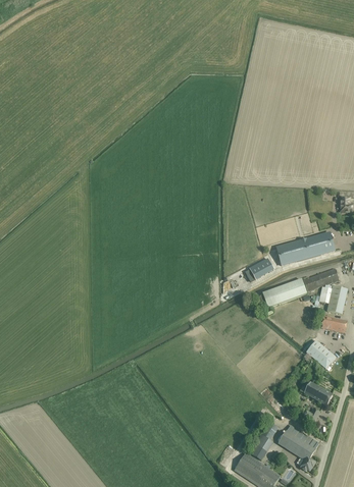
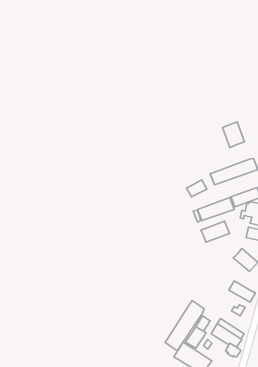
building: none -> [223,122,244,148]
building: none -> [201,221,230,242]
building: none -> [165,301,204,351]

